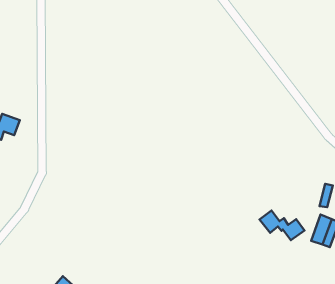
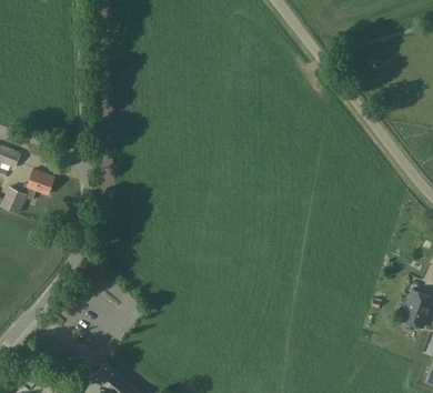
building: [260,210,304,240] -> none

